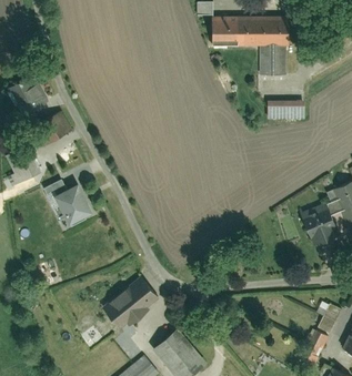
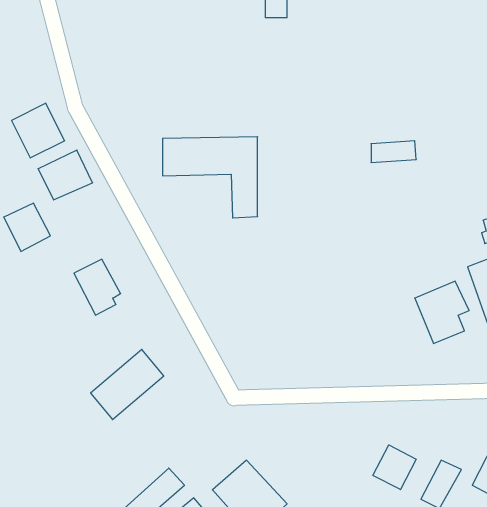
building: [210,16,278,73] -> [163,137,258,218]
building: [105,276,158,326] -> [91,349,164,420]
building: none -> [373,445,416,490]

